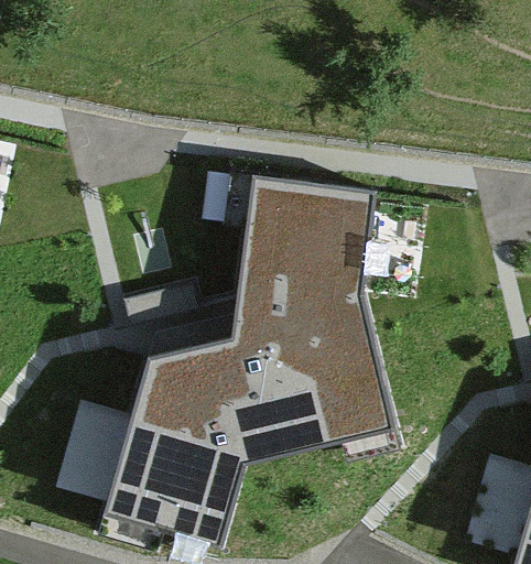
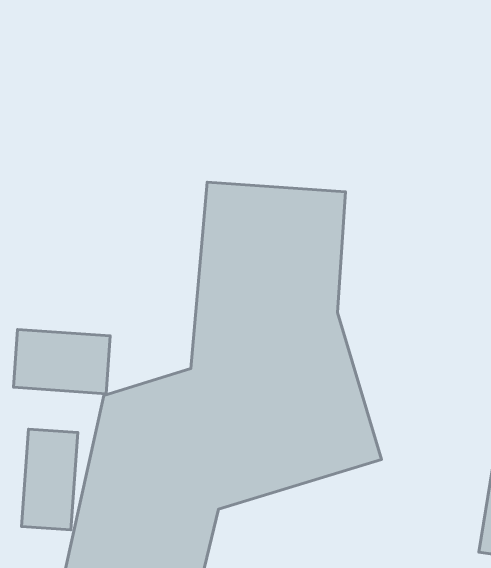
building: none -> [13,330,110,394]

